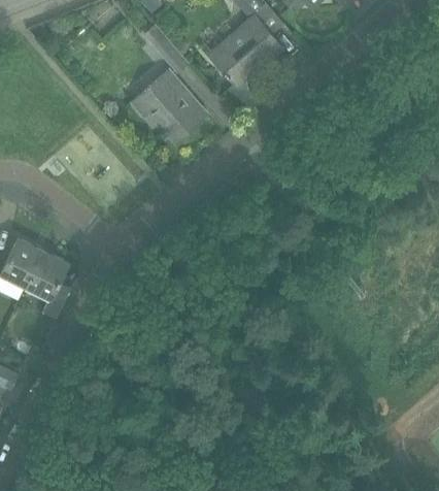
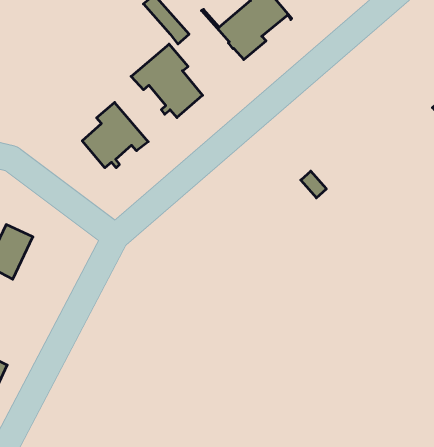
building: none -> [82,102,148,168]
building: [24,250,70,319] -> none

